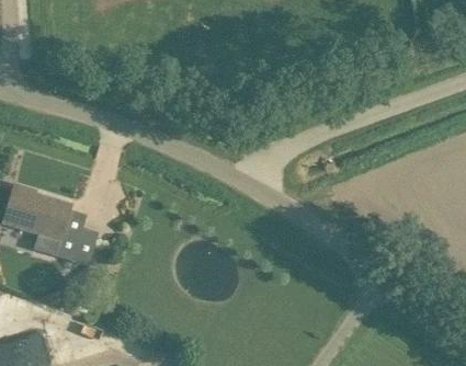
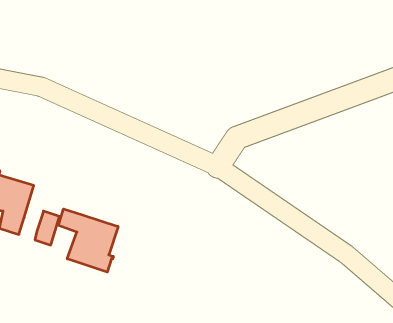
building: none -> [59,209,118,272]

